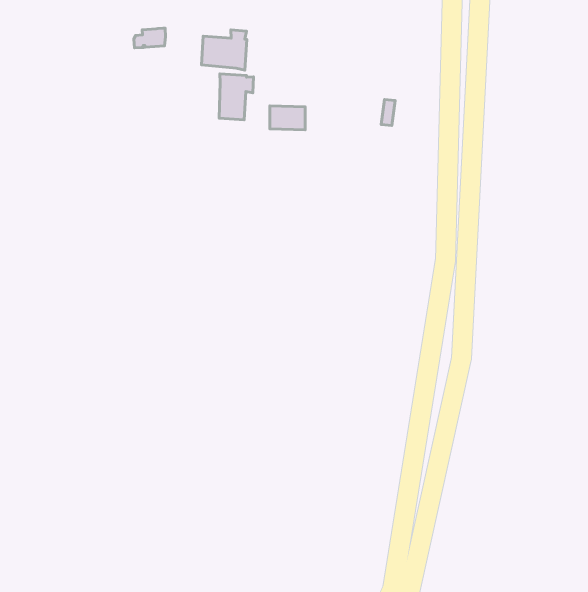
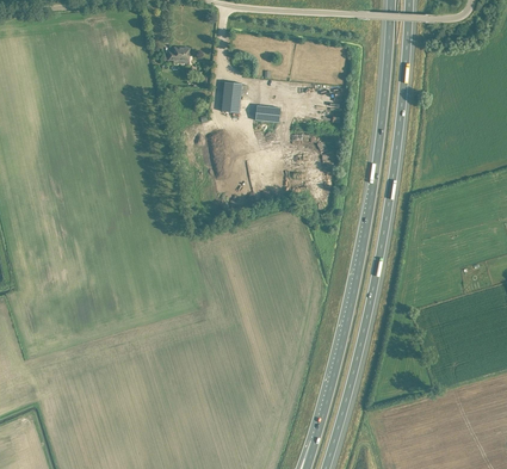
building: [202,30,247,70] -> none

